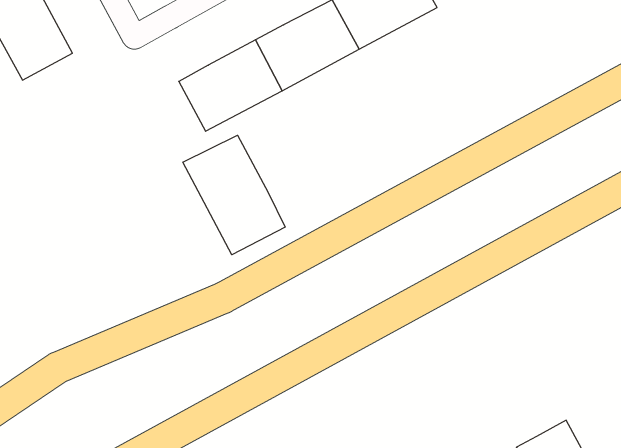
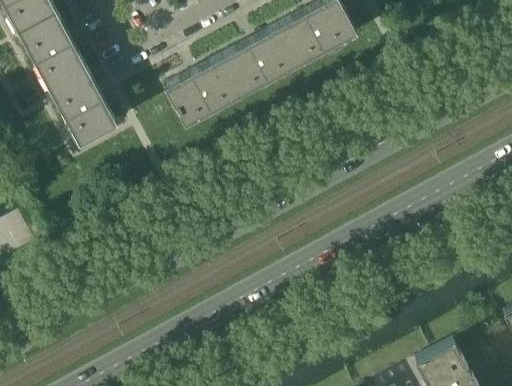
building: none -> [47,66,115,143]
building: [183,135,285,255] -> none

